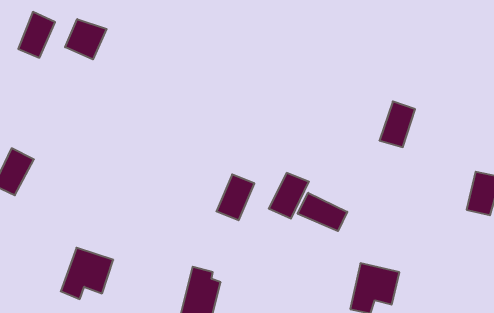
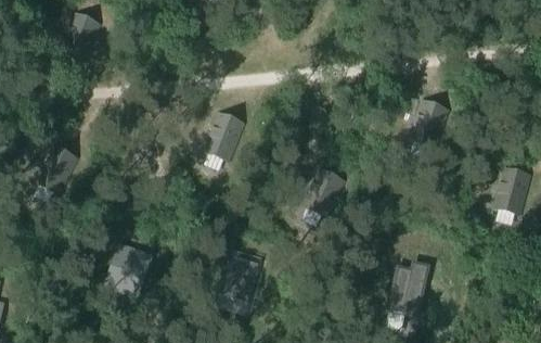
building: [65,19,107,59] -> none
building: [216,174,254,220] -> [205,114,242,158]
building: [298,193,347,231] -> none

